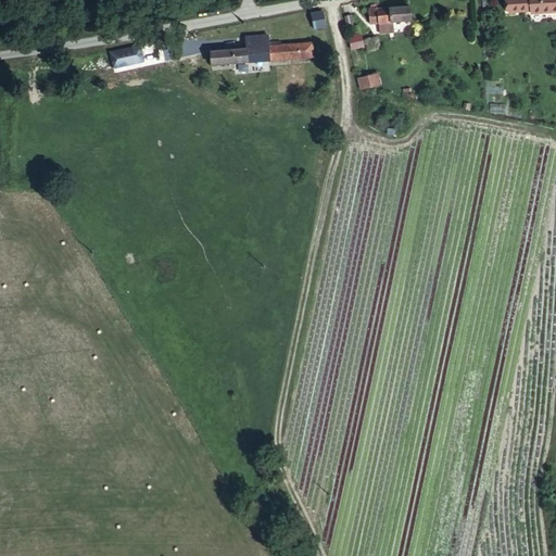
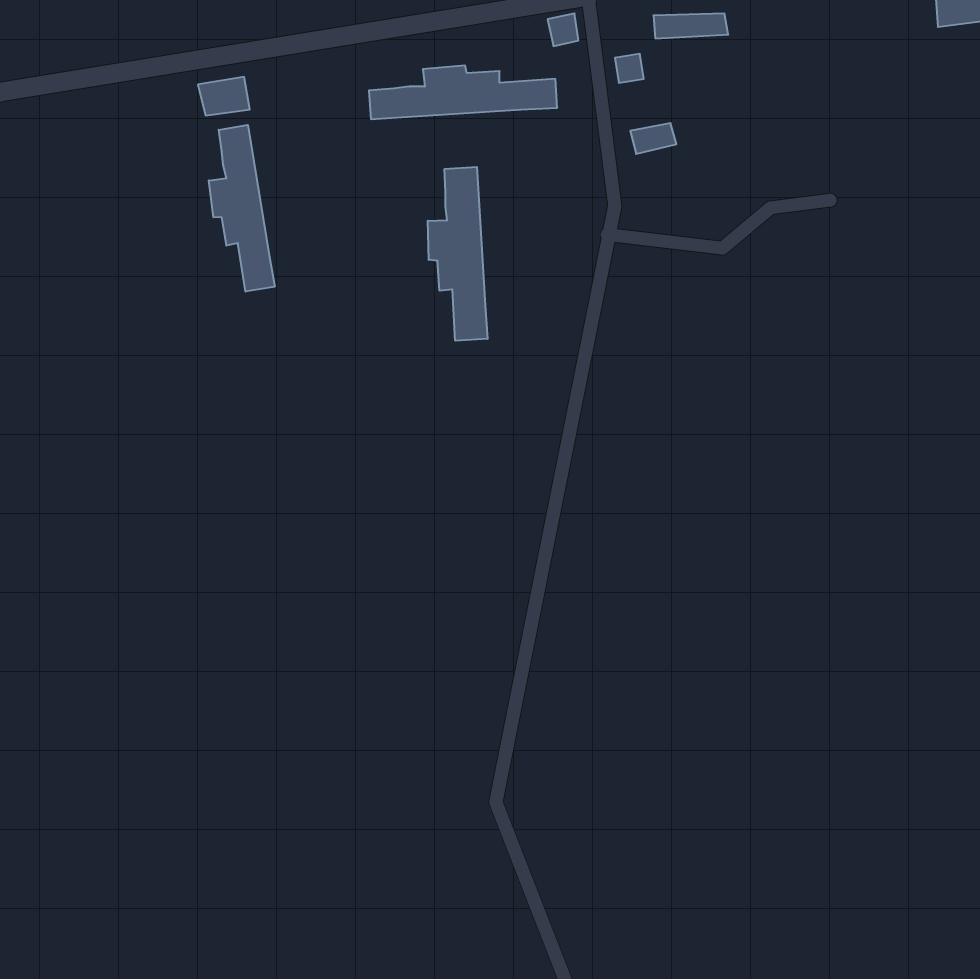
building: none -> [209,125,275,292]
building: none -> [428,167,488,341]

